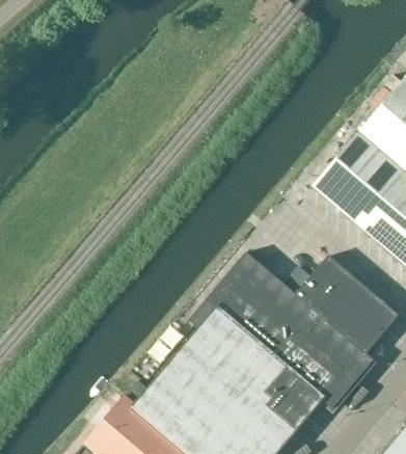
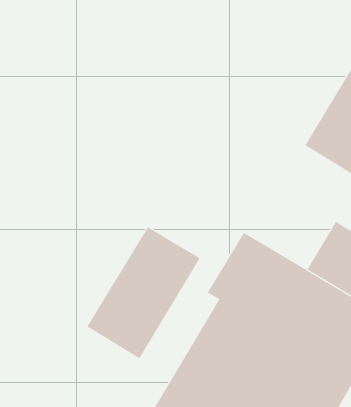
building: none -> [86,227,201,359]

